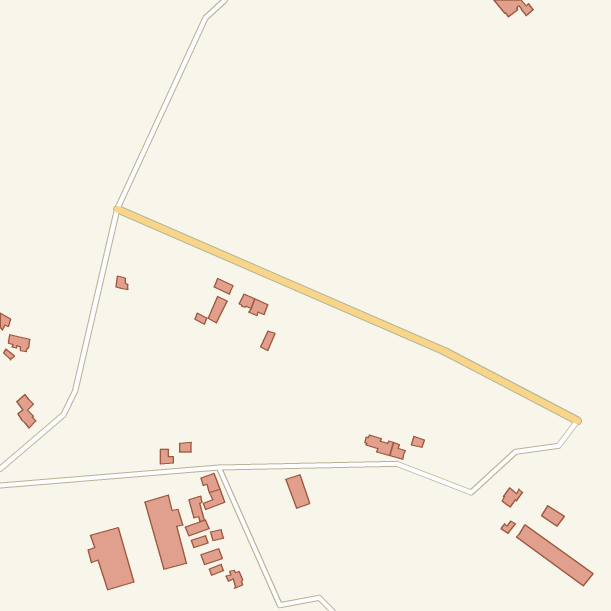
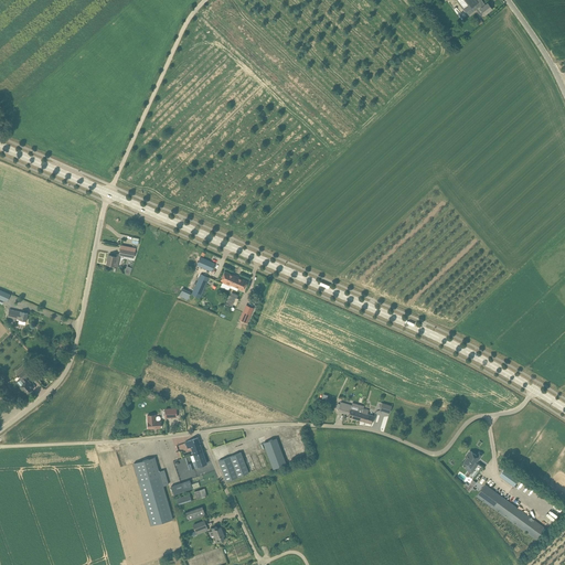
building: none -> [218,452,248,481]
building: [88,528,134,590] -> none

